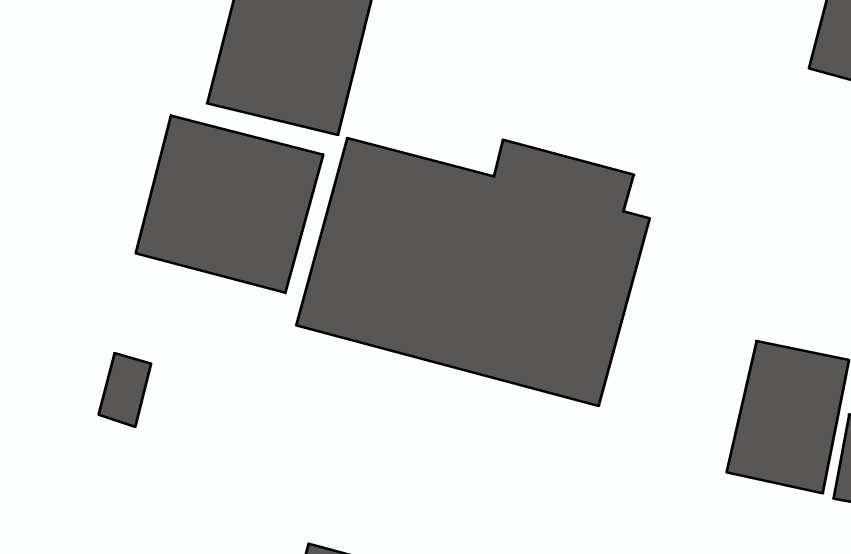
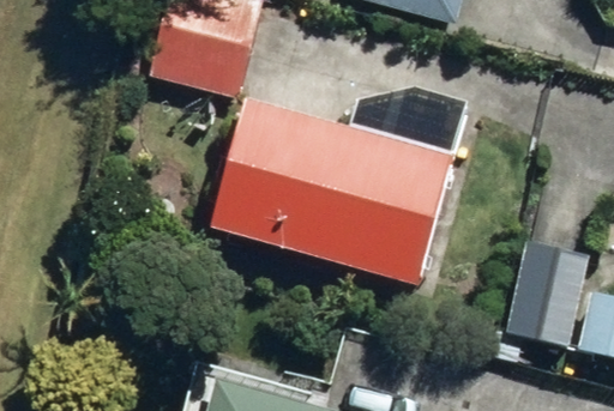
building: [136,115,323,293] -> none

